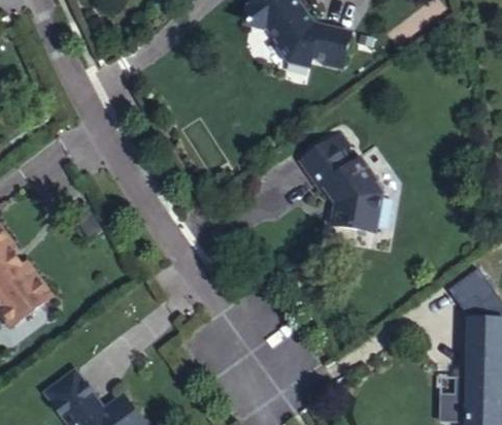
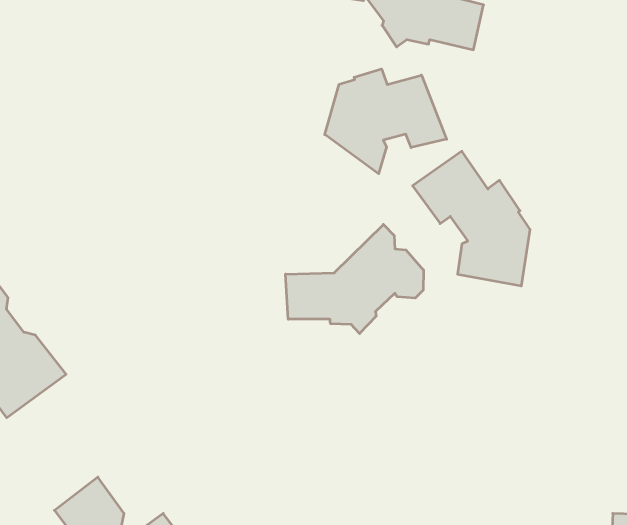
building: none -> [325,69,447,174]
building: none -> [286,224,424,334]

